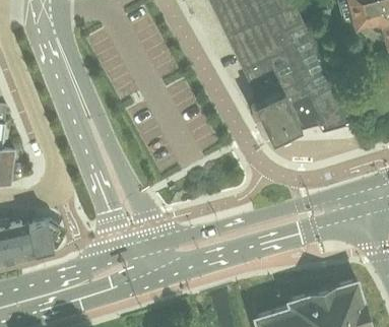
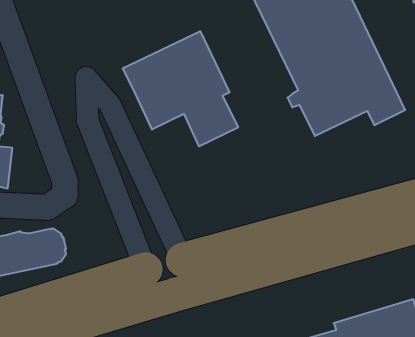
building: none -> [123,31,238,146]

